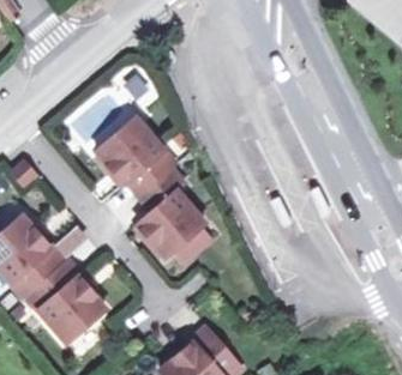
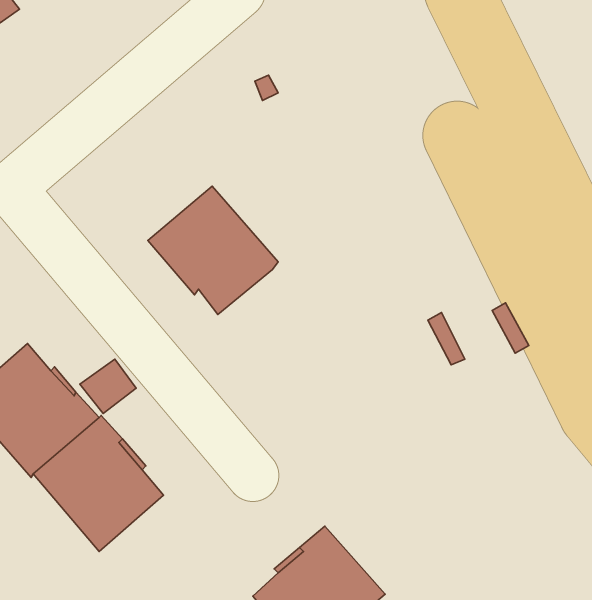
building: [137,170,204,258] -> none

